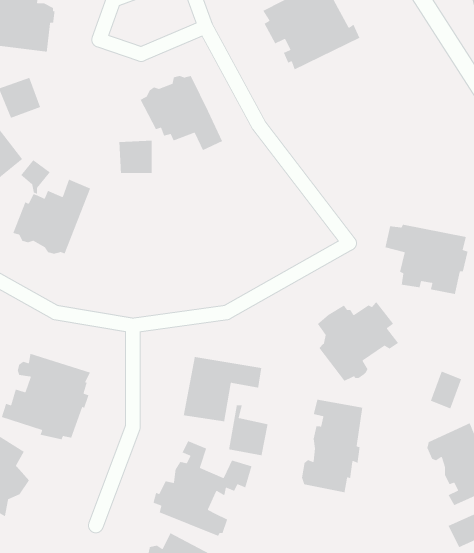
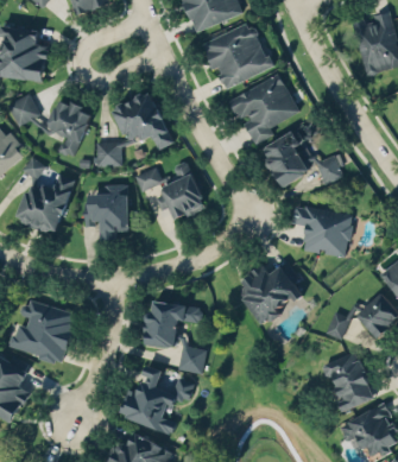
building: none -> [228,74,298,145]
building: none -> [46,100,91,158]
building: none -> [261,124,312,188]
building: none -> [315,156,343,185]
building: none -> [134,160,204,216]
building: none -> [84,182,127,238]
building: [301,399,363,493] -> none

